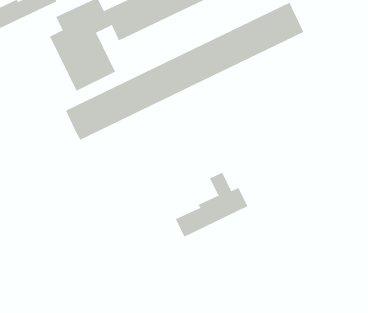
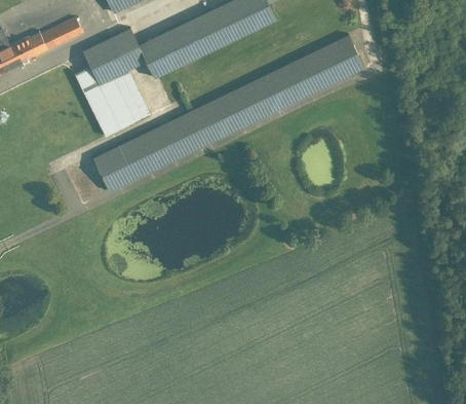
building: [175,172,248,237] -> none

